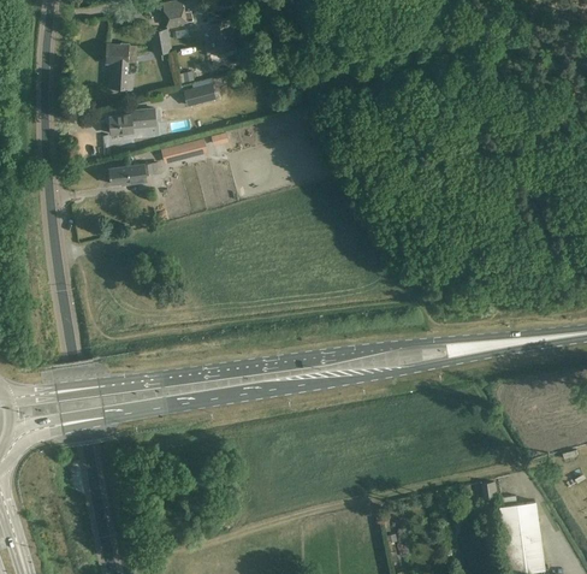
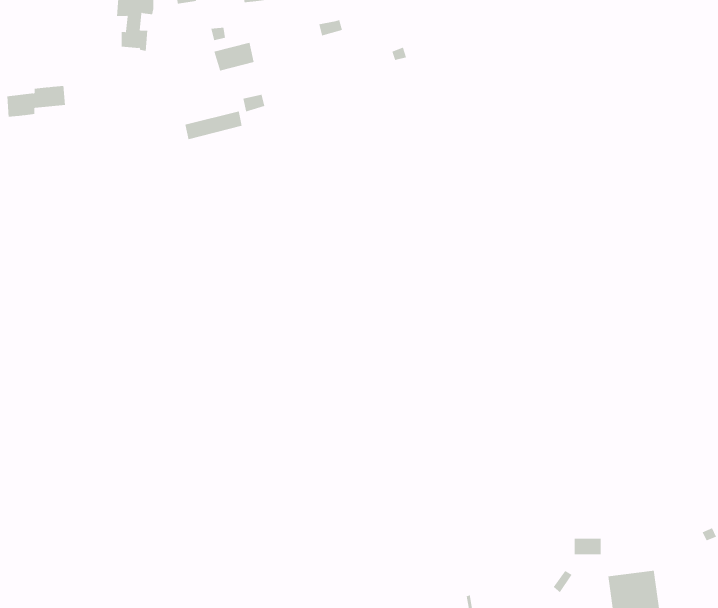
building: [109,110,156,135] -> [6,85,66,117]
building: [108,164,154,185] -> none

